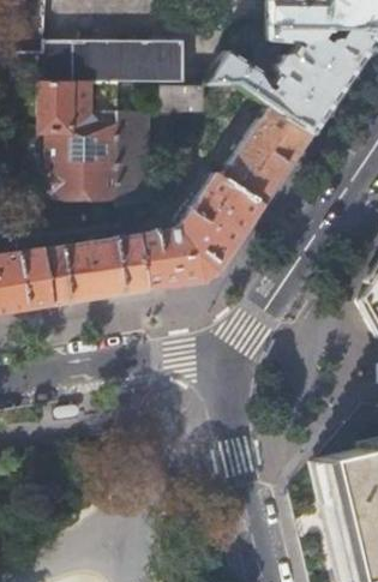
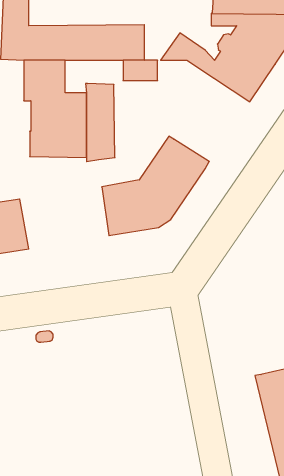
building: [223,104,313,203] -> none
building: [41,233,146,306] -> none

